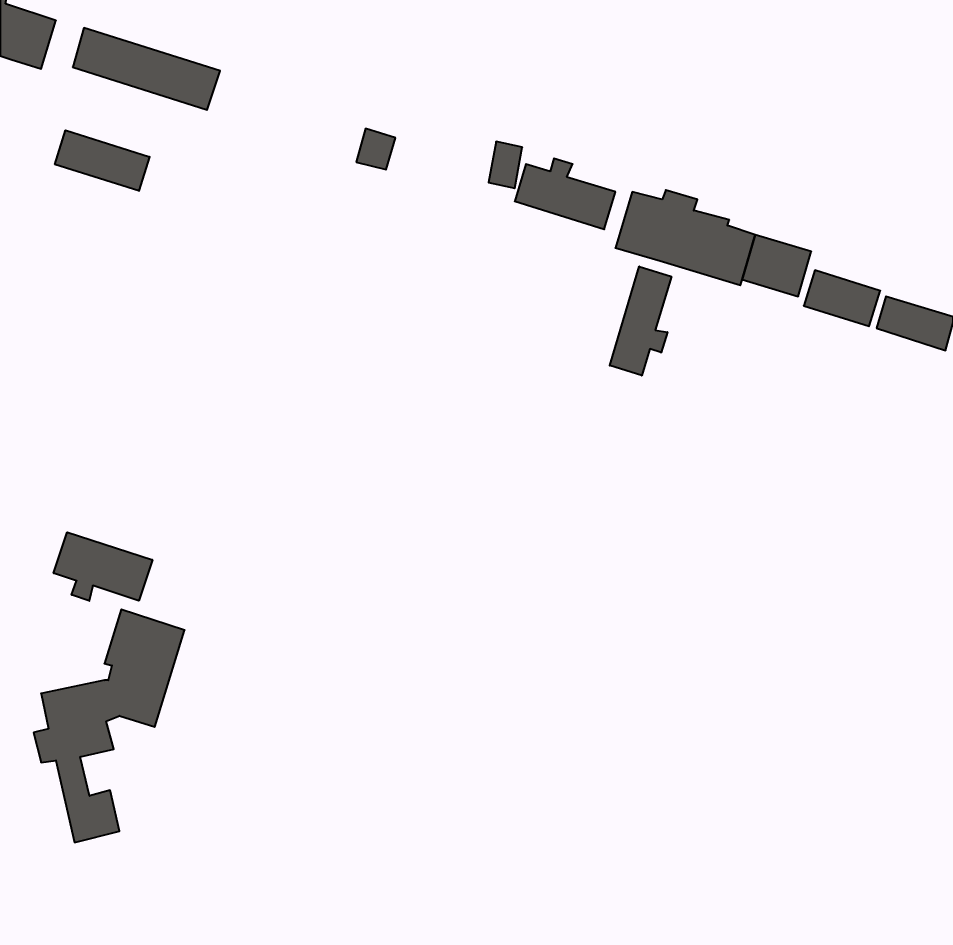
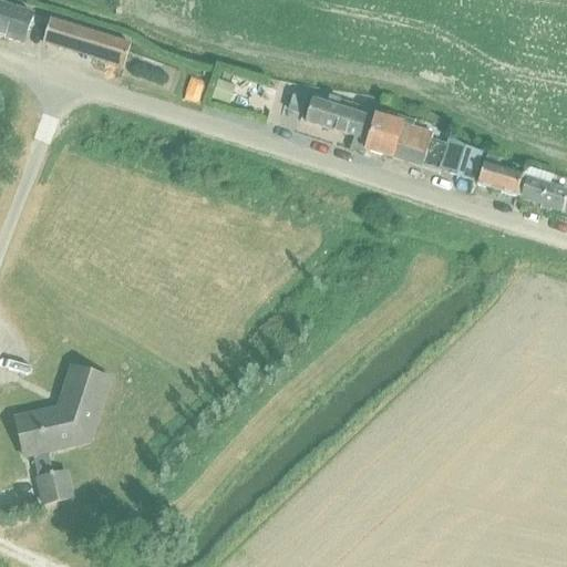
building: [55,130,150,191] -> none
building: [610,266,671,376] -> none
building: [54,532,152,601] -> none

